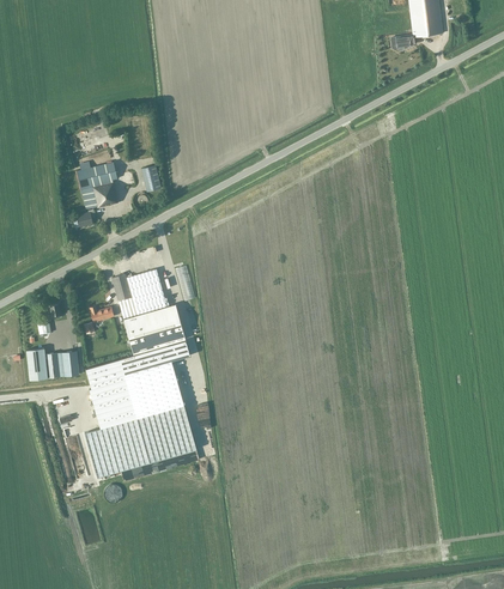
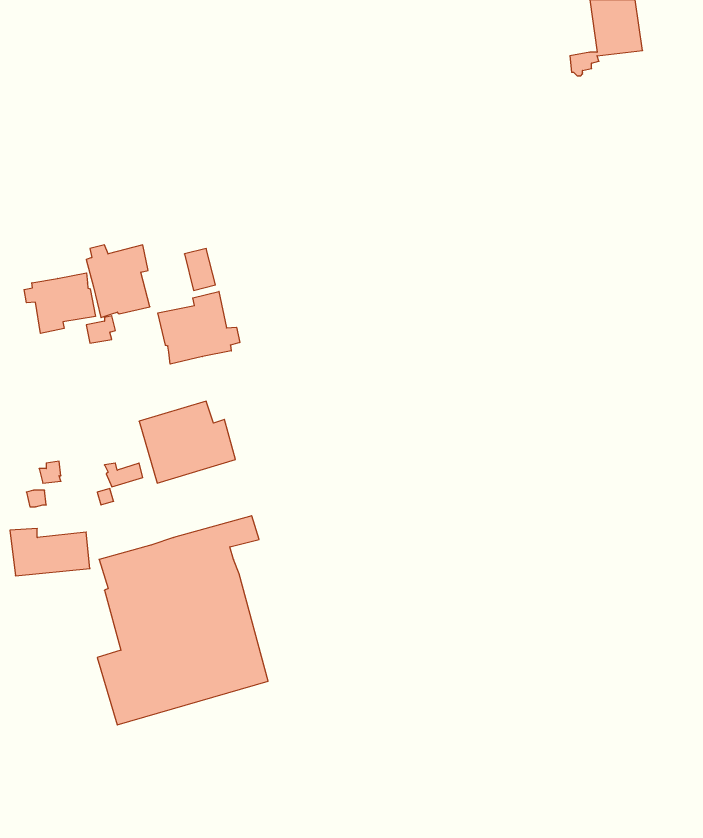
building: none -> [24,273,95,333]
building: none -> [158,291,240,364]
building: [123,303,186,353] -> none

